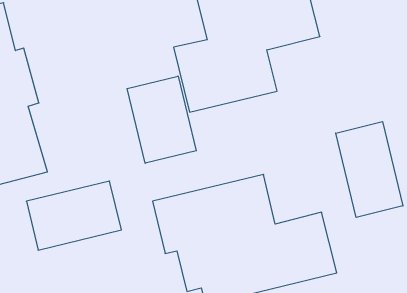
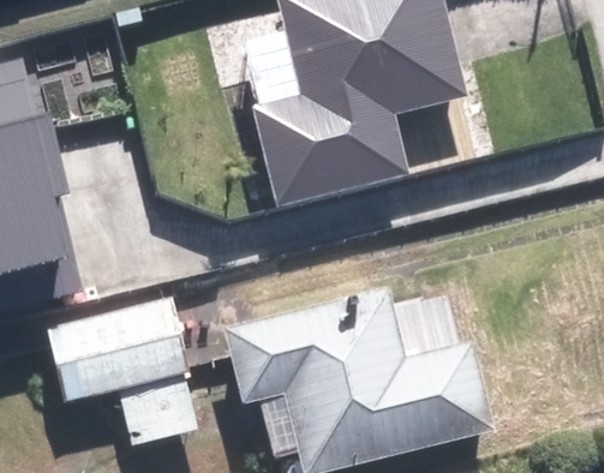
building: [127,76,196,163] -> none
building: [336,122,403,217] -> none

